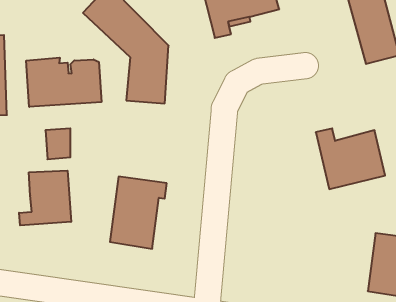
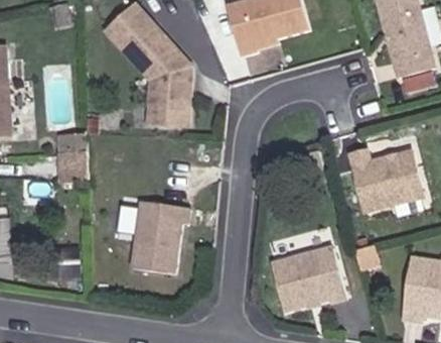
building: [26,58,101,107] -> none
building: [19,171,71,225] -> none
building: none -> [277,243,351,311]

